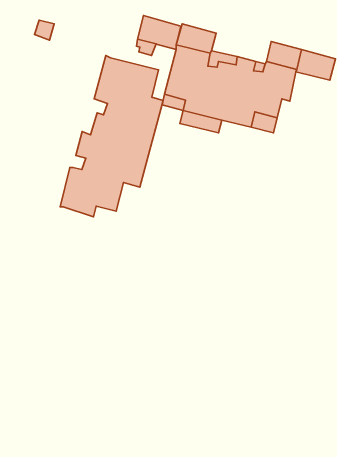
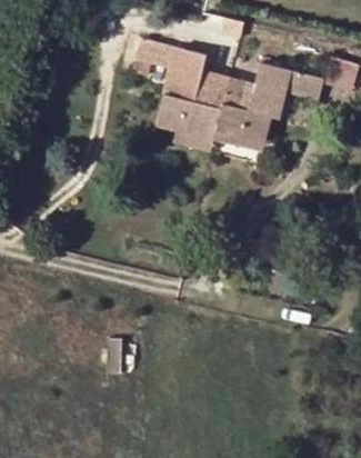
building: [60,55,163,217] -> none

